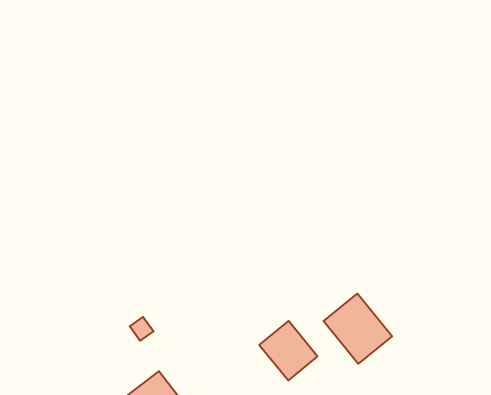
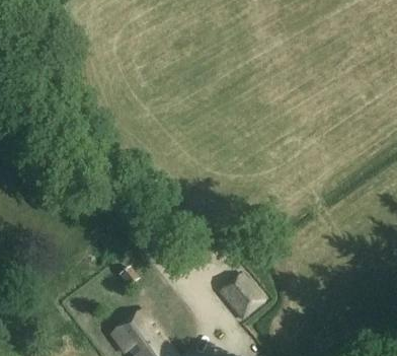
building: [323,294,392,364] -> none

